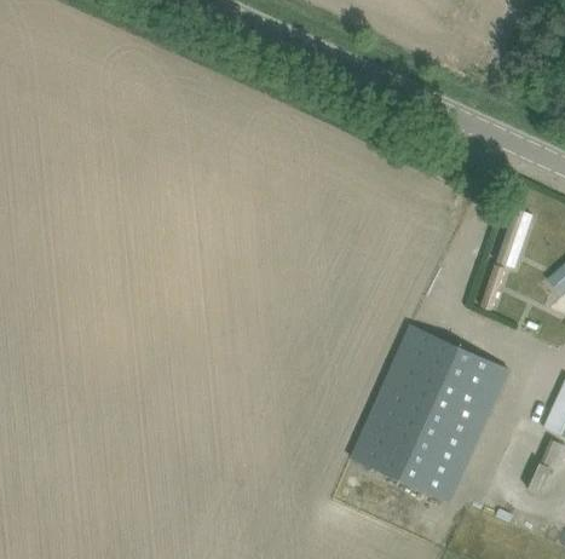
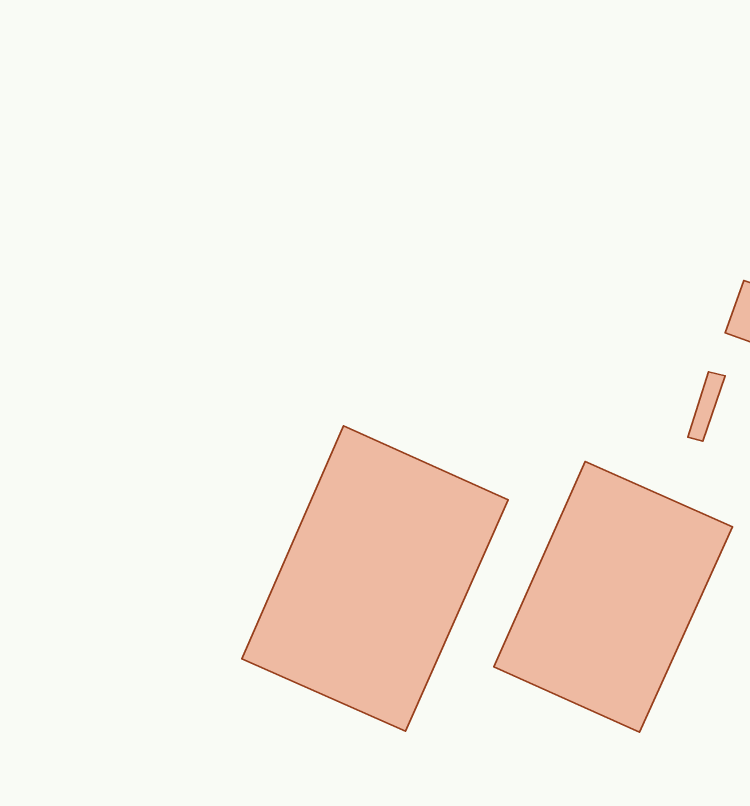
building: none -> [242,426,508,731]

